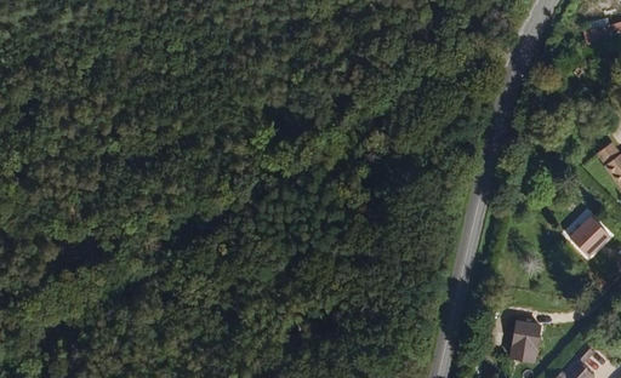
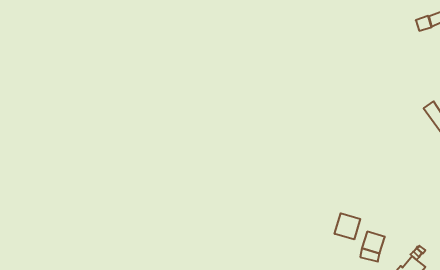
building: [570,216,610,254] -> none
building: none -> [335,213,360,239]

